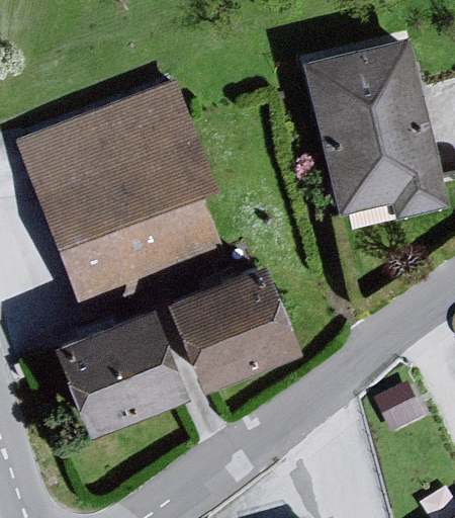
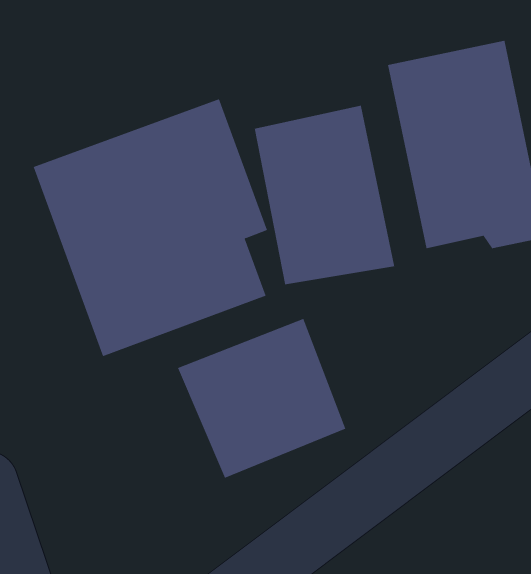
building: none -> [254,105,395,285]
building: [43,313,169,443] -> none

